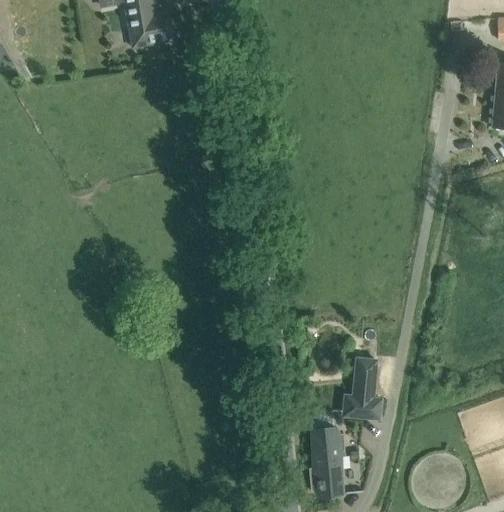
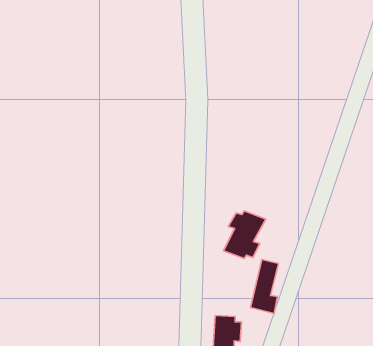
building: none -> [223,211,266,259]

